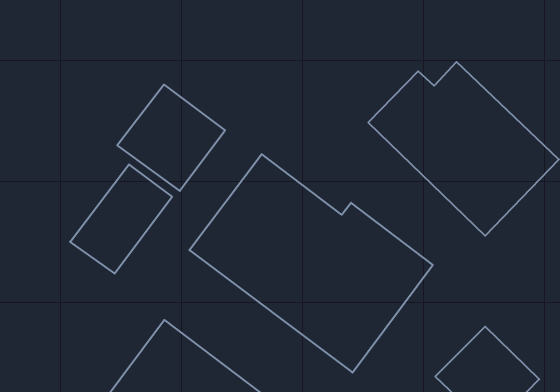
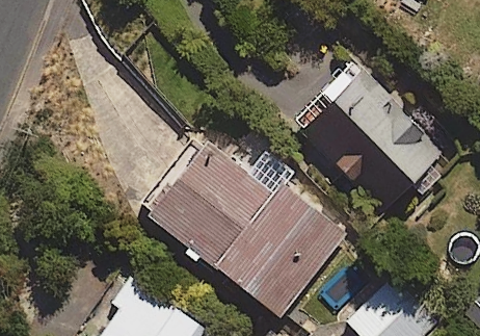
building: [117,85,225,191] -> none
building: [70,164,172,274] -> none

